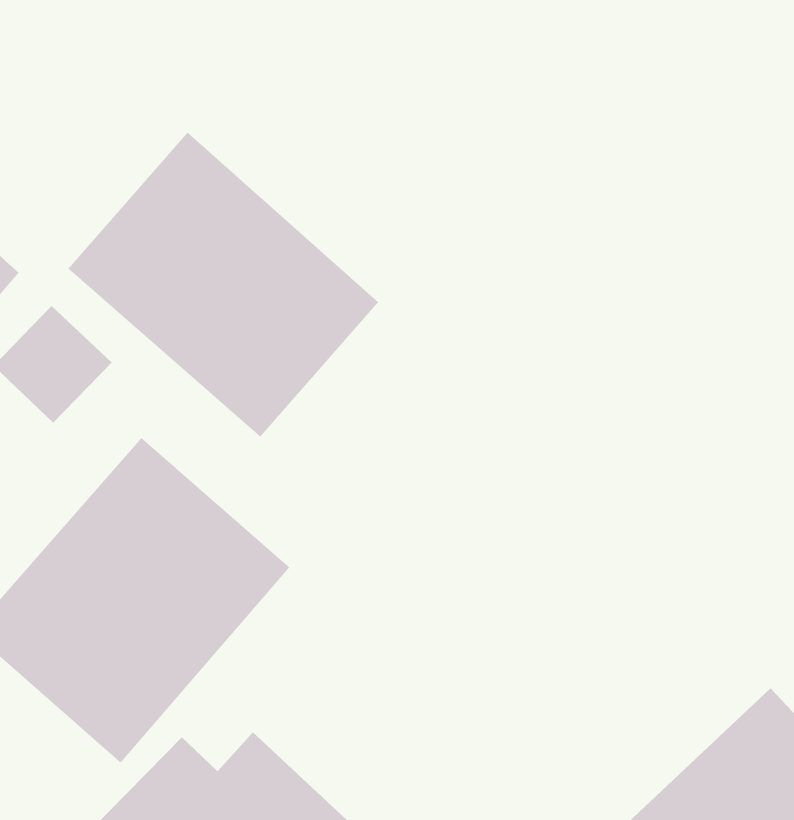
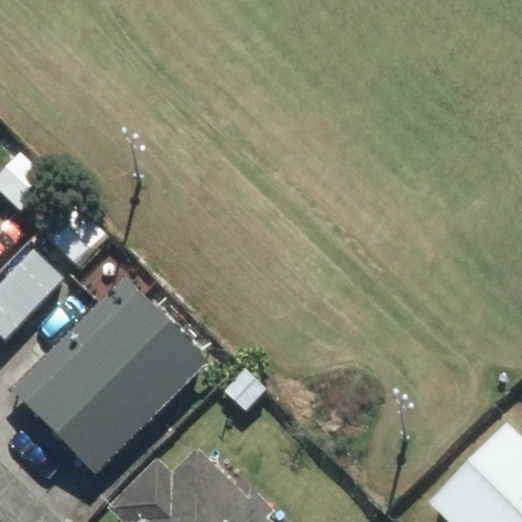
building: [67,132,379,438] -> none

